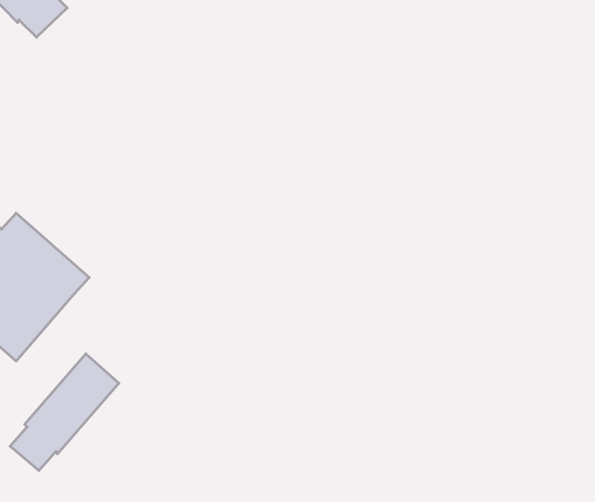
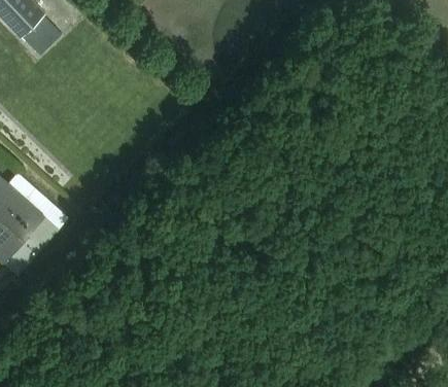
building: [10,354,119,471] -> none

